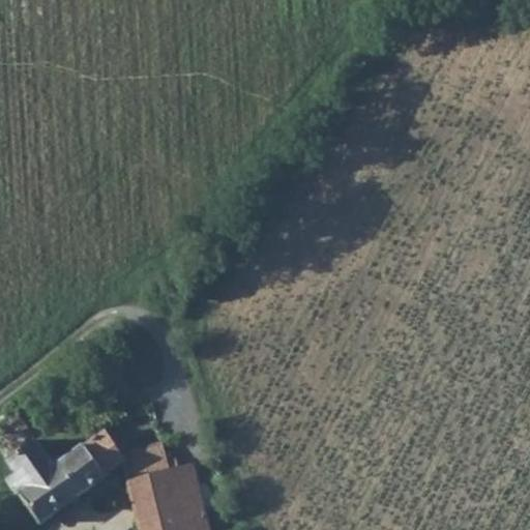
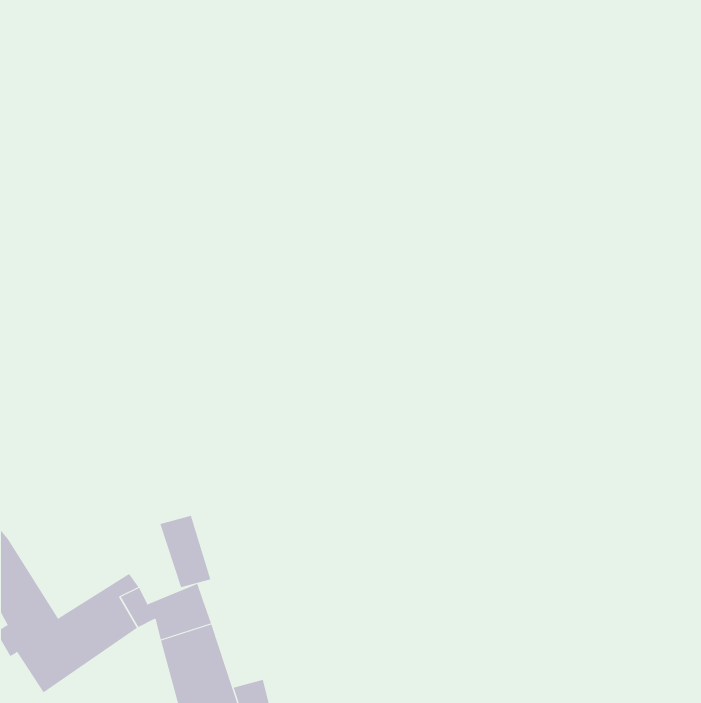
building: [166,464,204,518] -> [159,515,211,588]

